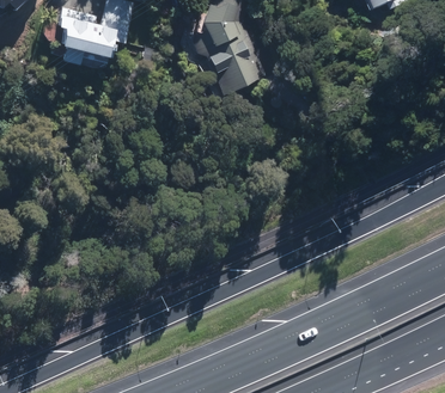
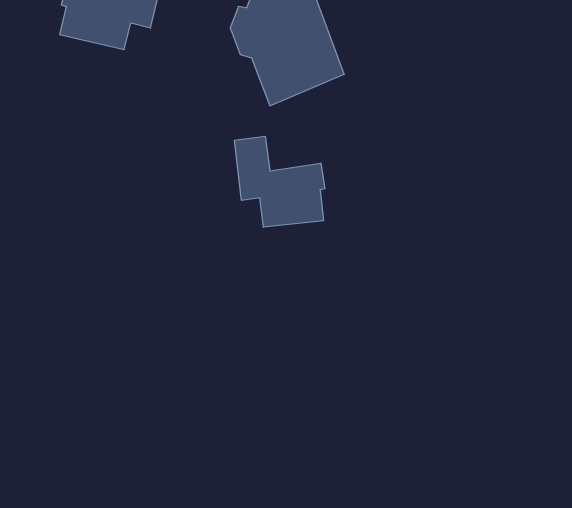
building: none -> [234,136,325,227]

